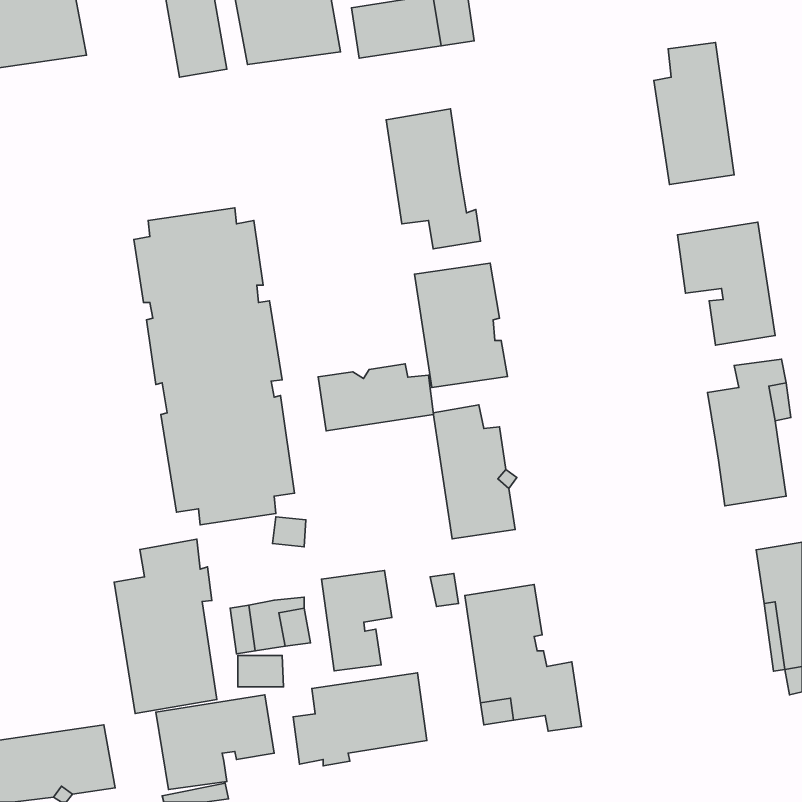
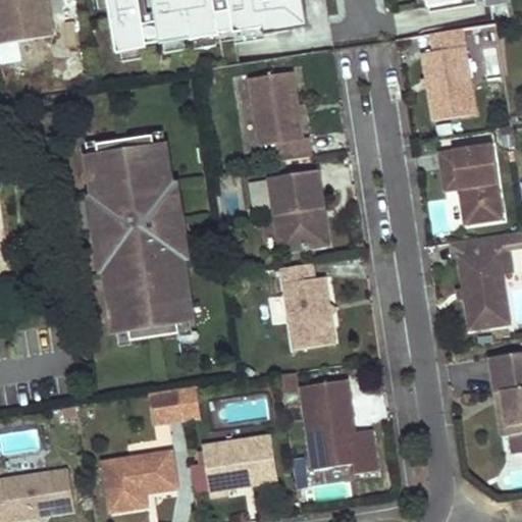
building: [318,364,434,431] -> none
building: [114,539,217,713] -> none
building: [322,571,392,671] -> none

